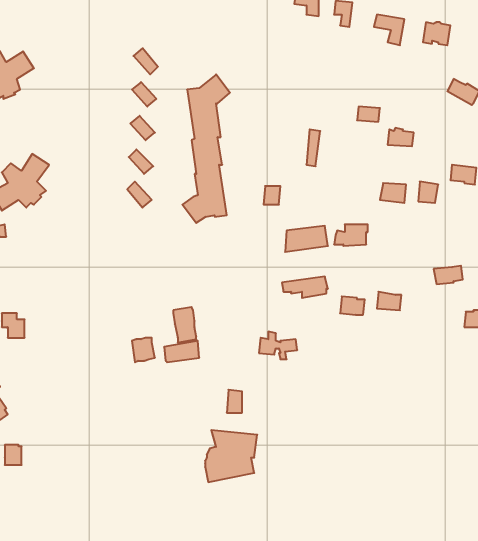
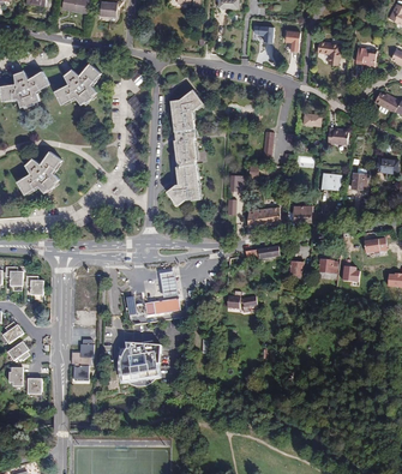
building: none -> [54,62,101,104]
building: none -> [70,338,92,378]
building: [205,430,257,482] -> [120,342,161,383]

